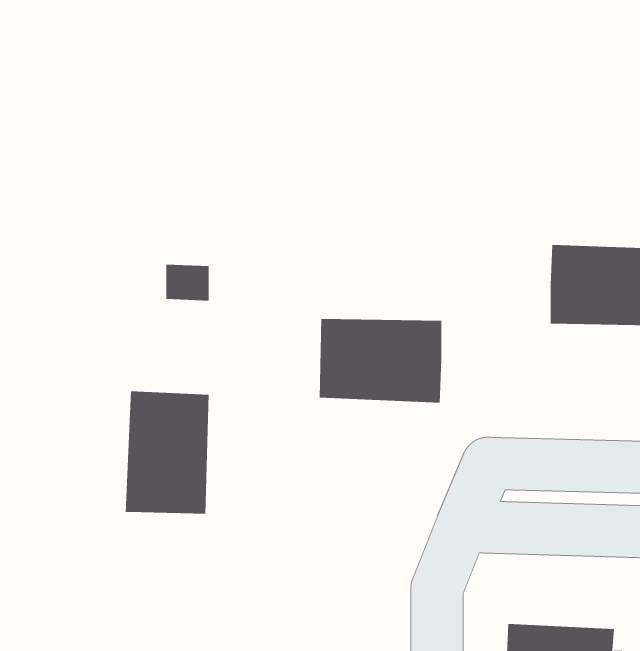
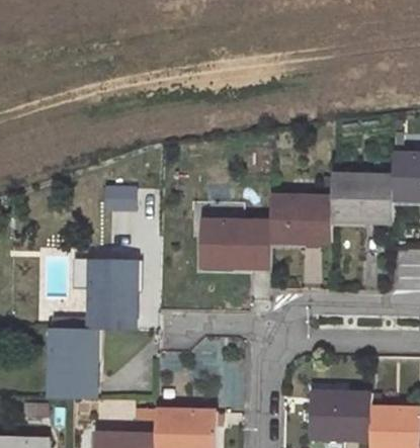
building: none -> [271,197,333,243]
building: none -> [50,328,98,398]

